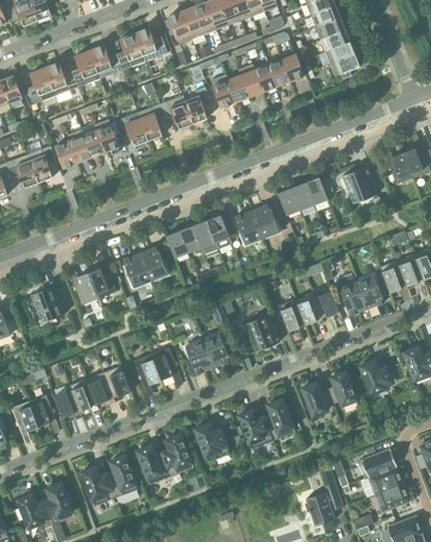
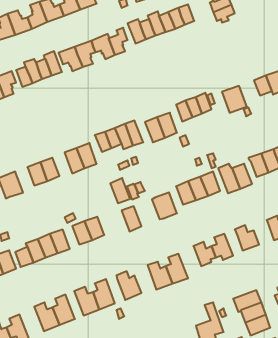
building: [186,339,214,374] -> [110,178,130,203]

